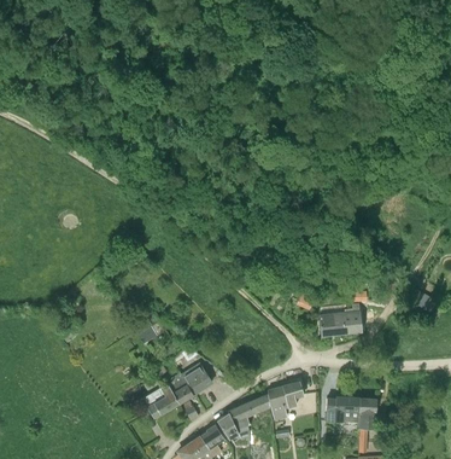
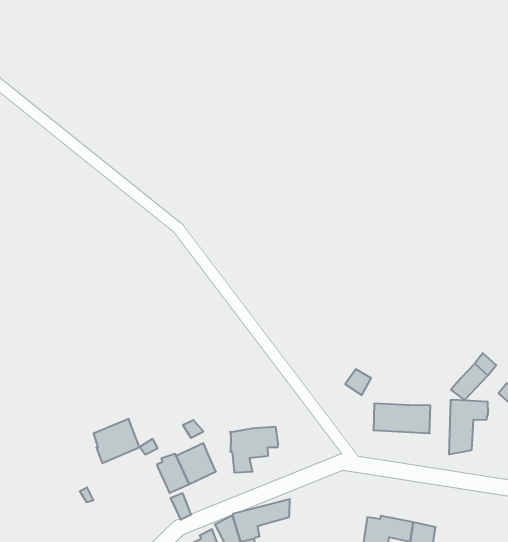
building: none -> [449,400,488,455]
building: [266,382,303,419] -> [230,427,278,472]
building: [144,383,178,418] -> [93,419,140,463]

